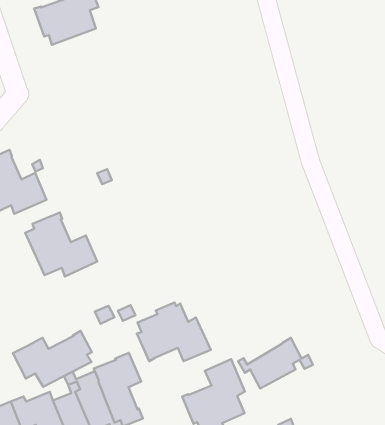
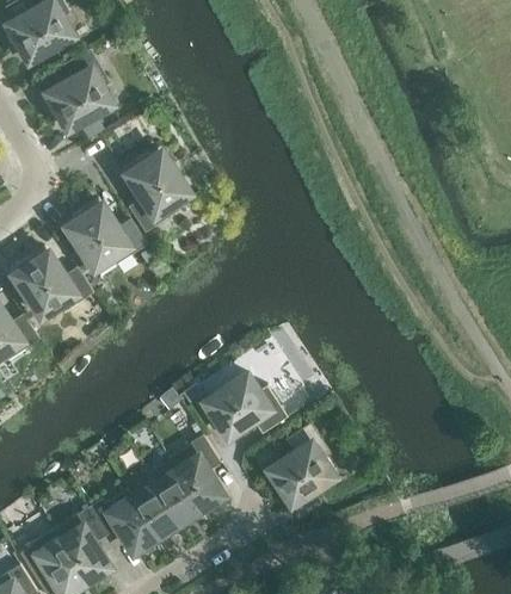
building: none -> [121,144,186,227]
building: [25,213,97,276] -> [63,199,143,267]
building: [13,331,92,387] -> none
building: [238,338,313,389] -> none

